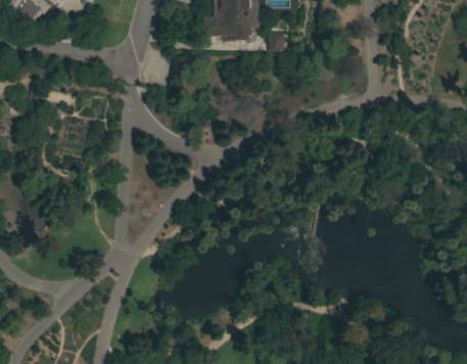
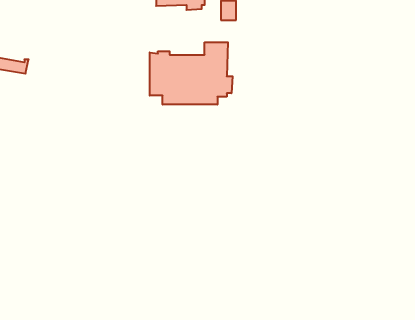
building: none -> [150,42,233,105]

